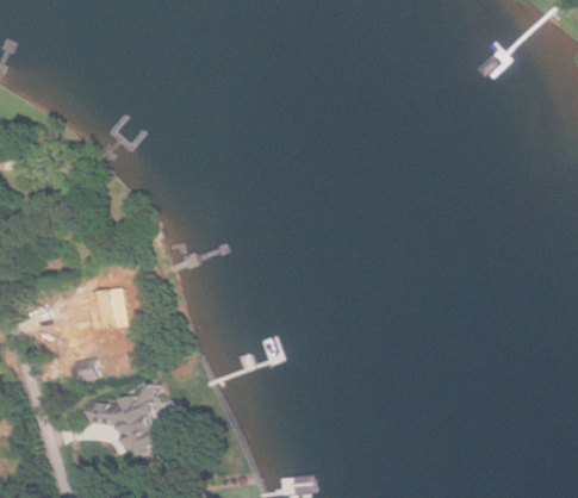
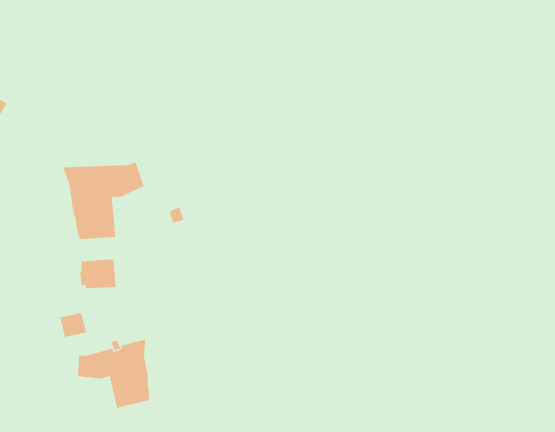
building: none -> [62,162,144,240]

